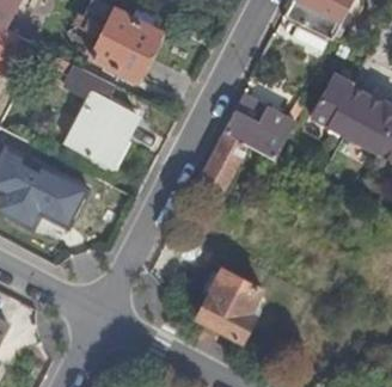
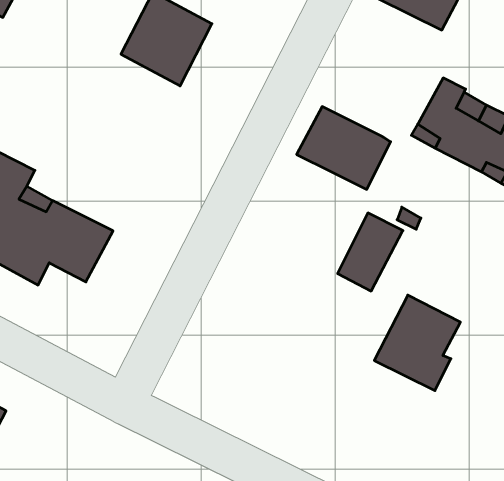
building: [66,66,137,167] -> none
building: [201,131,250,190] -> [338,213,403,291]
building: [197,269,262,340] -> [374,295,460,391]

